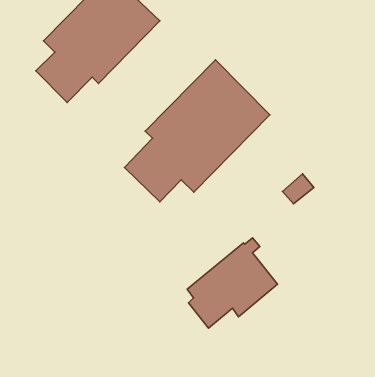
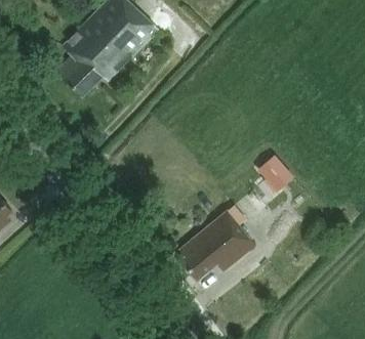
building: [124,60,270,202] -> none

